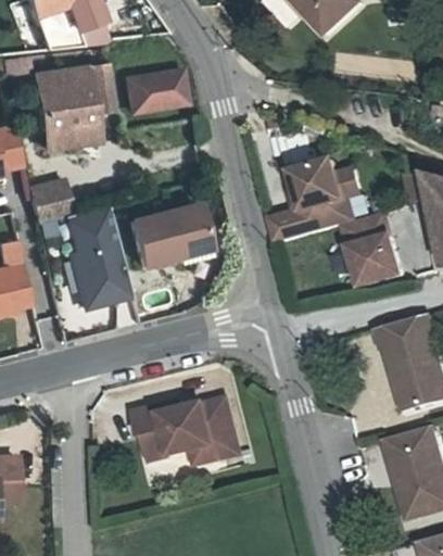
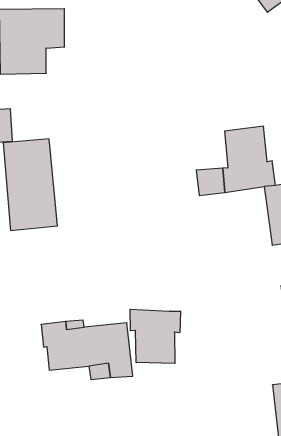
building: [123,72,183,112] -> none
building: [135,210,213,271] -> none
building: none -> [130,309,180,363]

